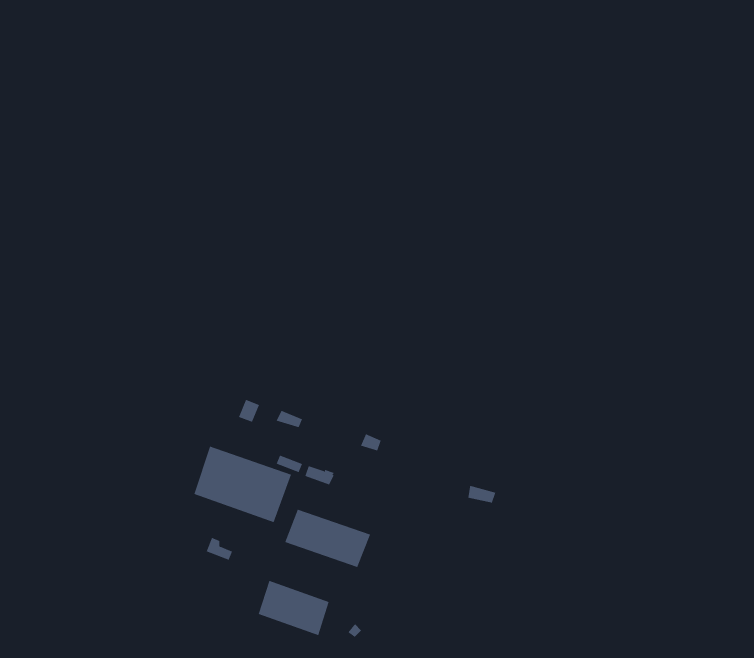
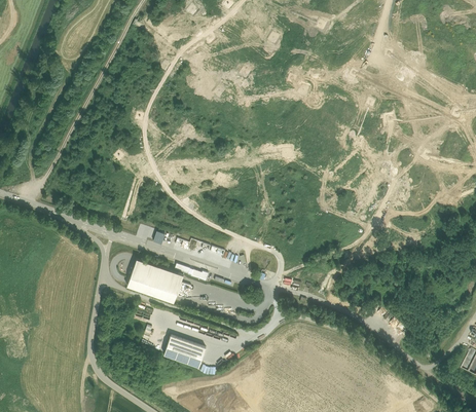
building: [284,509,371,568] -> none

